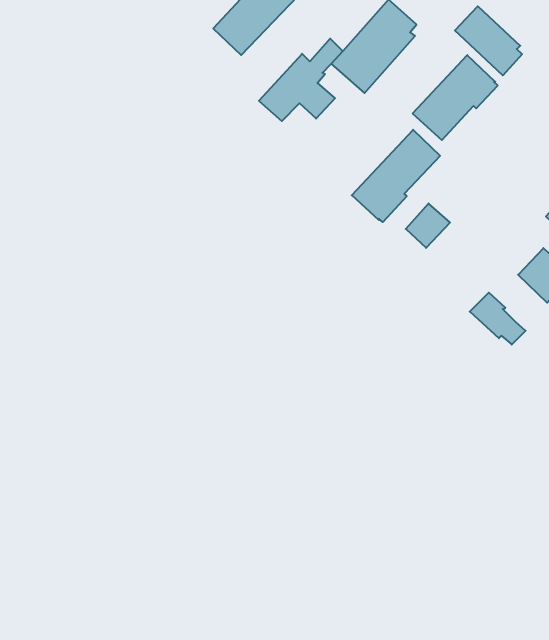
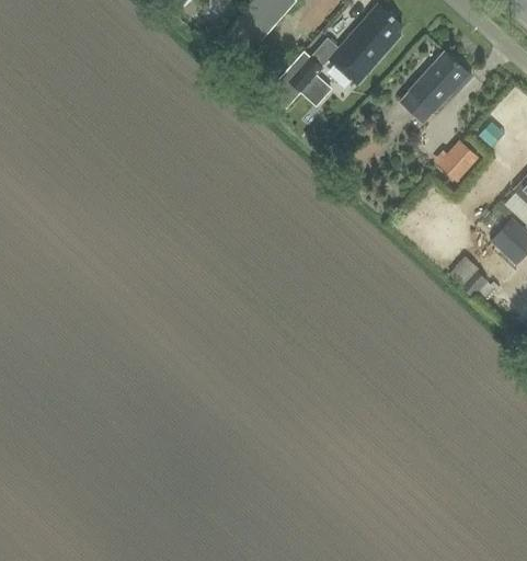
building: [455,6,522,75] -> none
building: [352,130,440,222] -> none
building: [406,203,450,248] -> [439,140,478,179]

